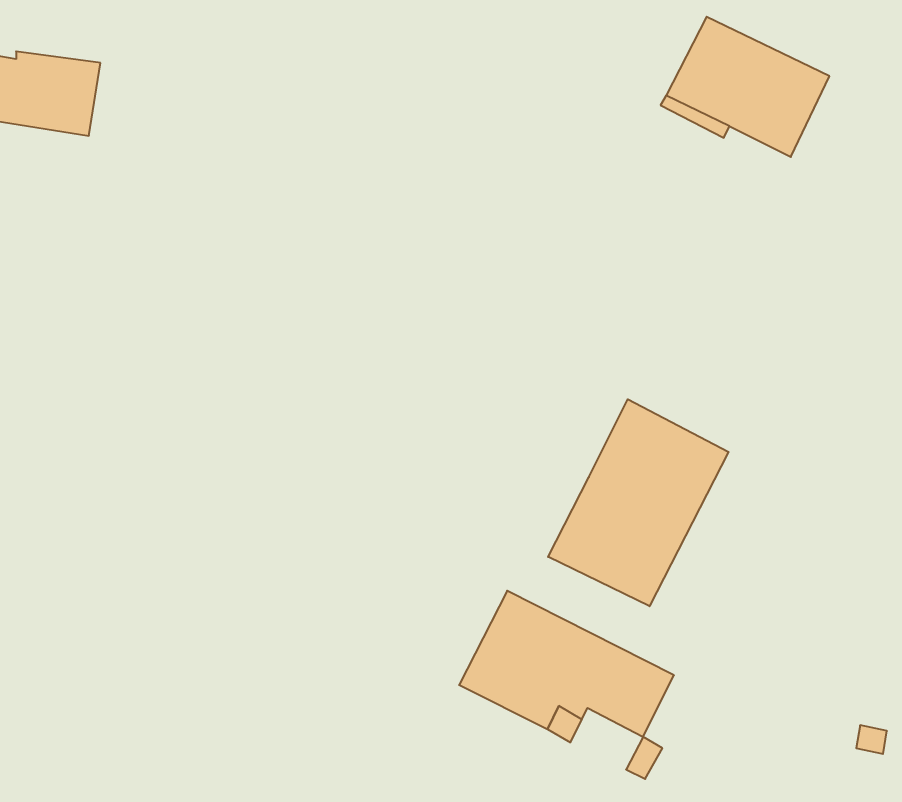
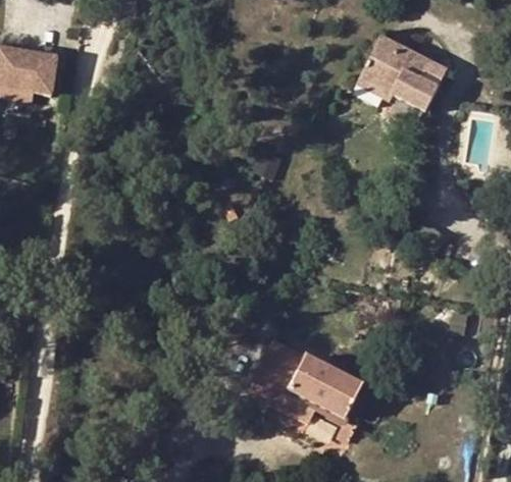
building: [548,399,729,606] -> none

